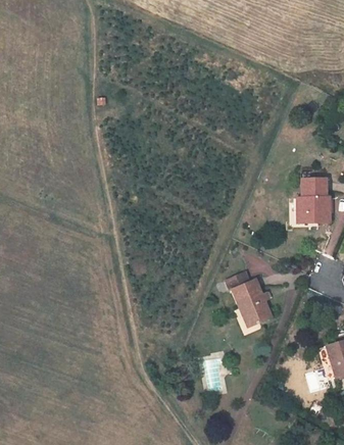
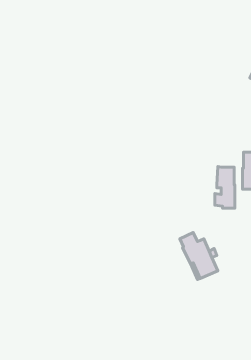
building: none -> [215,166,235,208]

